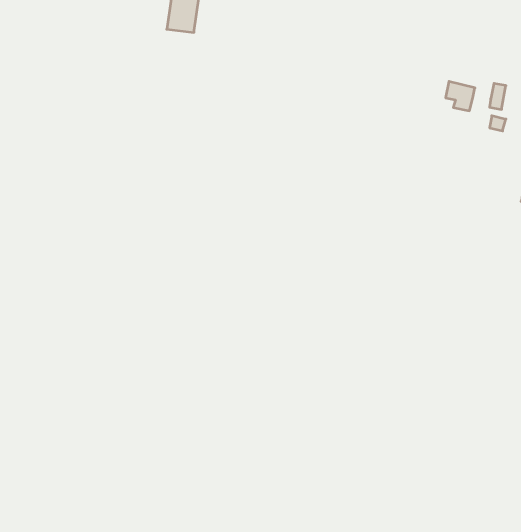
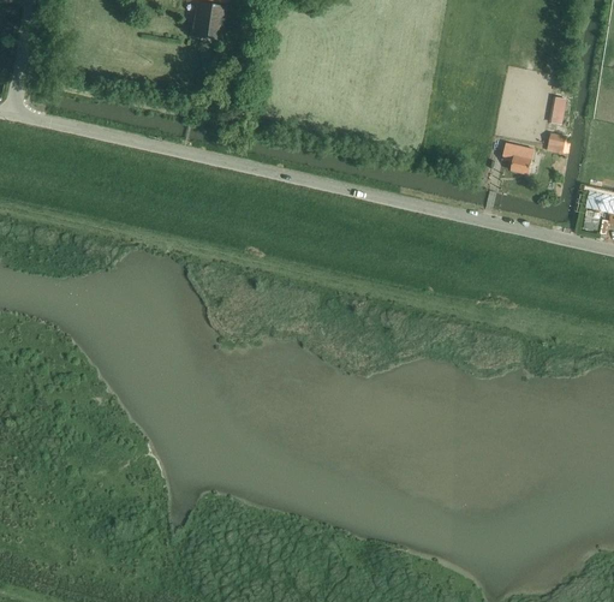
building: [446,81,475,111] -> [501,142,533,174]

